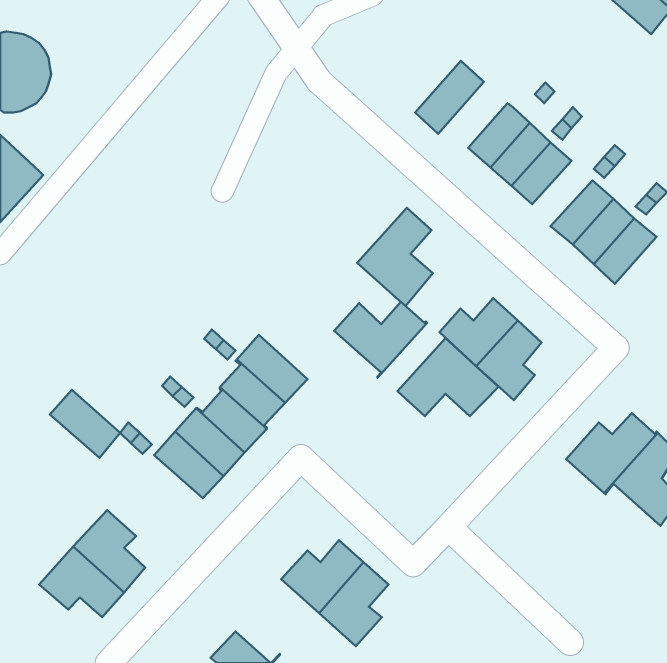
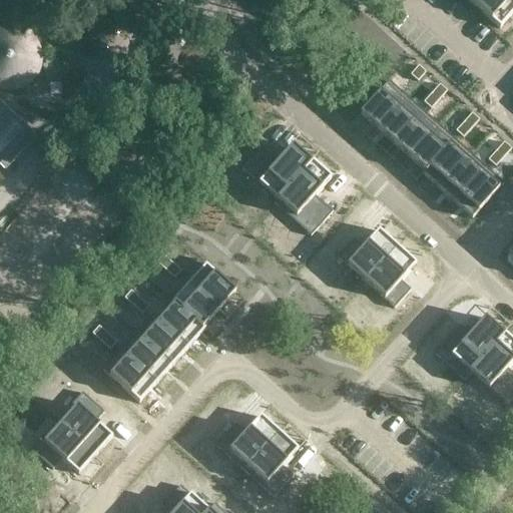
building: [415,61,484,134] -> none
building: none -> [409,123,455,173]
building: [334,302,427,378] -> [241,143,313,201]
building: [398,338,499,416] -> none
building: [50,390,120,458] -> [102,349,156,401]

